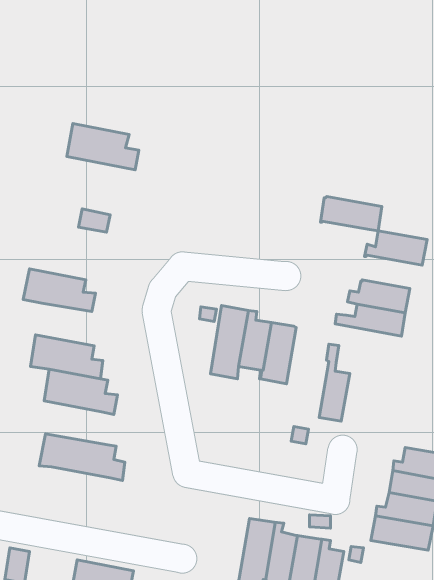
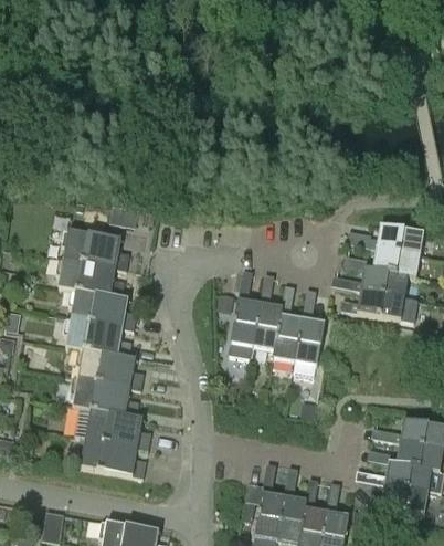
building: [67,123,139,170] -> [64,228,129,270]
building: [321,197,382,231] -> [363,245,419,276]
building: none -> [70,288,136,329]
building: [319,344,350,421] -> [296,295,324,365]
building: none -> [72,377,138,417]
building: none -> [80,437,145,477]

